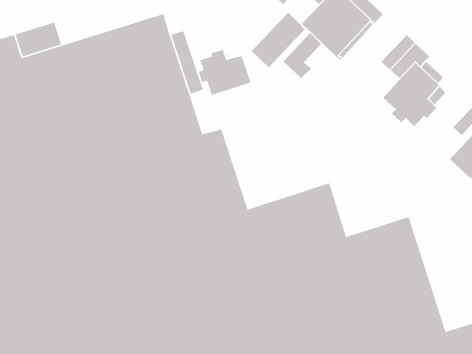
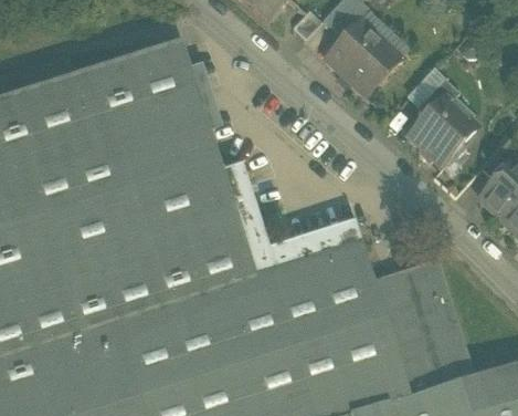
building: [251,12,306,68] -> none
building: [283,32,322,79] -> none
building: [198,49,252,96] -> none

